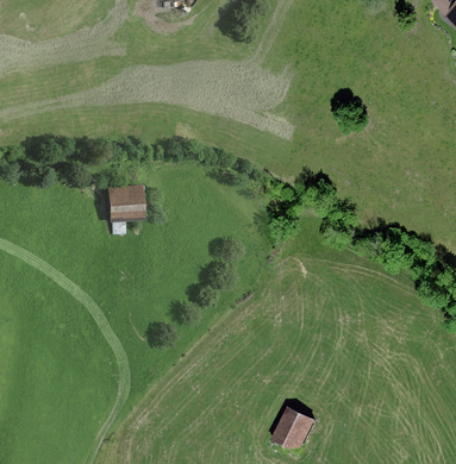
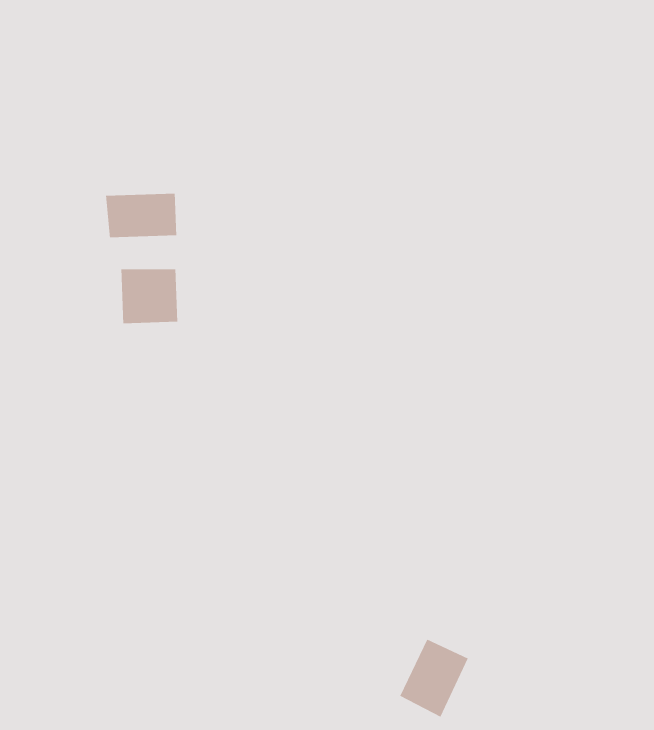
building: none -> [105,193,177,238]

